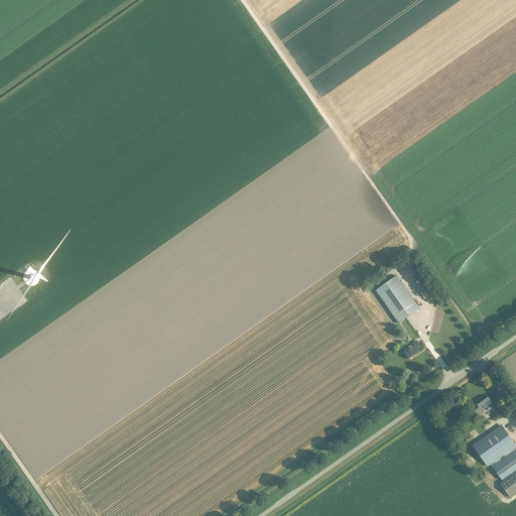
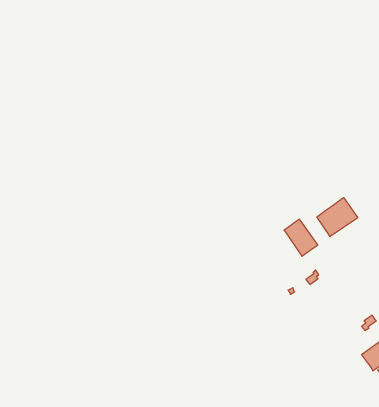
building: none -> [317,198,358,237]

